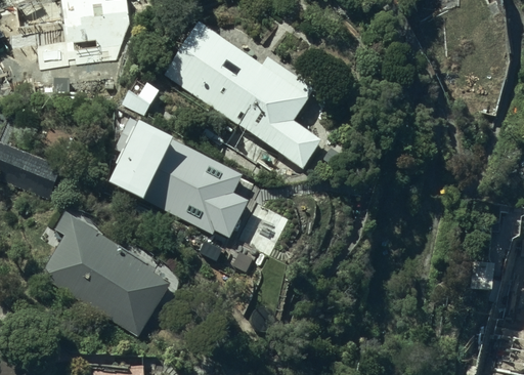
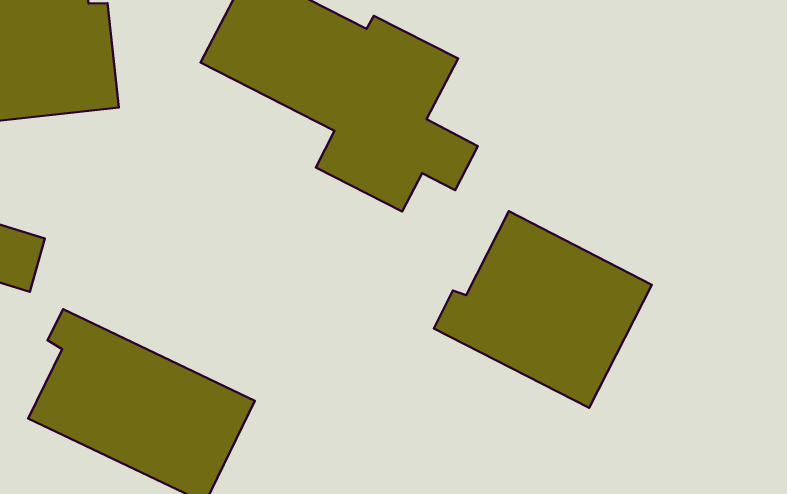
building: [110,123,245,235] -> none
building: none -> [434,211,652,408]

